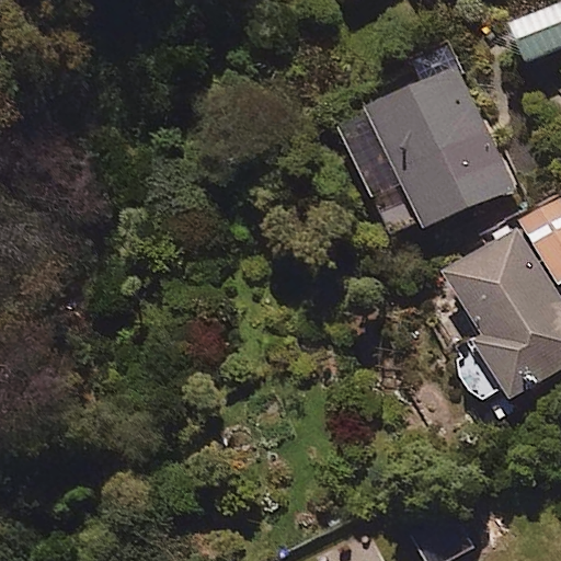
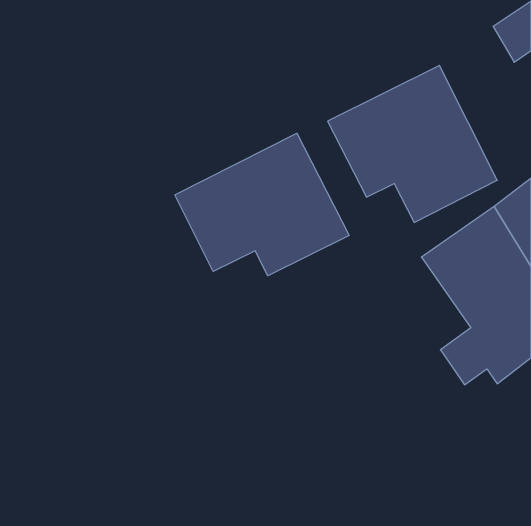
building: none -> [175,133,349,276]

